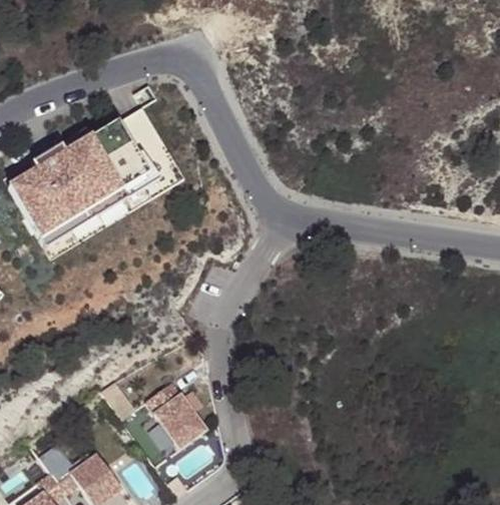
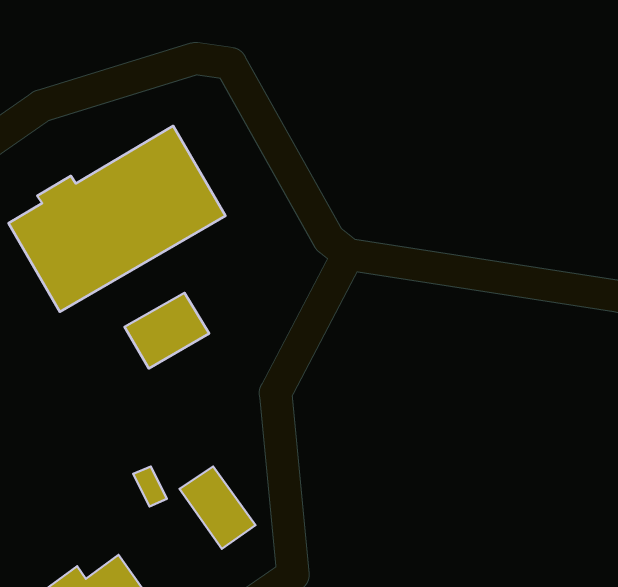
building: none -> [124,293,209,368]

